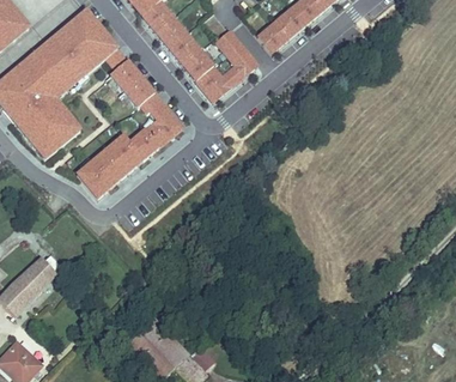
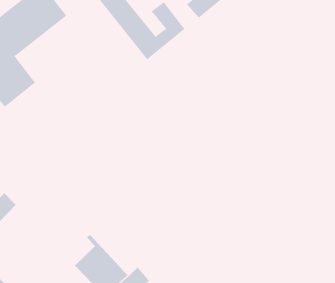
building: [78,60,184,195] -> none

